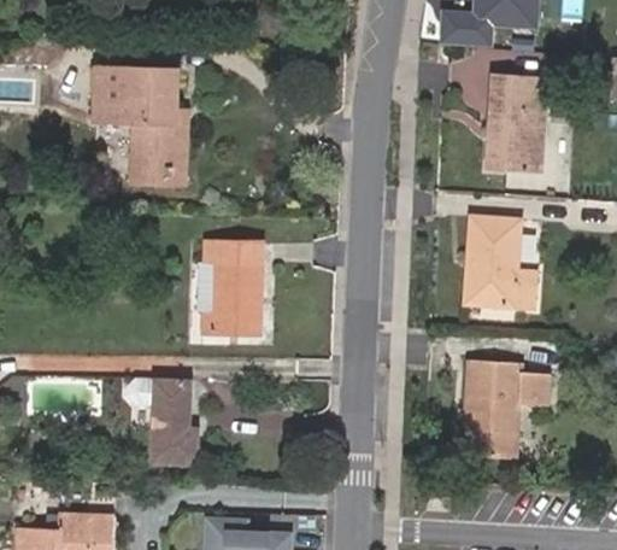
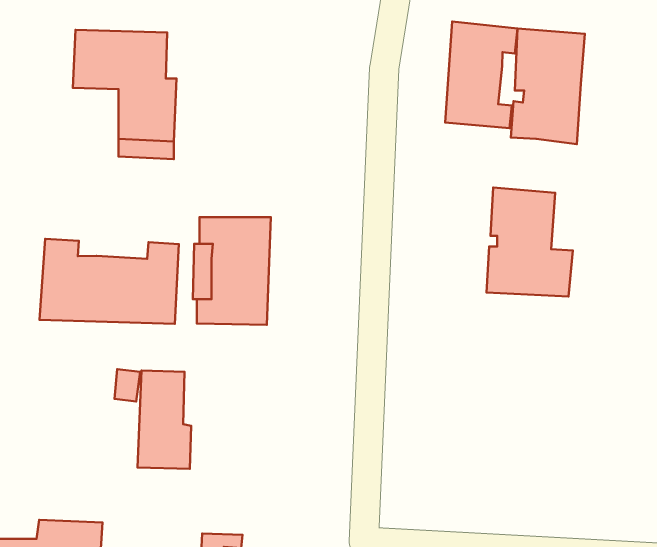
building: none -> [445,21,517,128]
building: none -> [39,239,179,324]
building: [458,358,551,458] -> none

